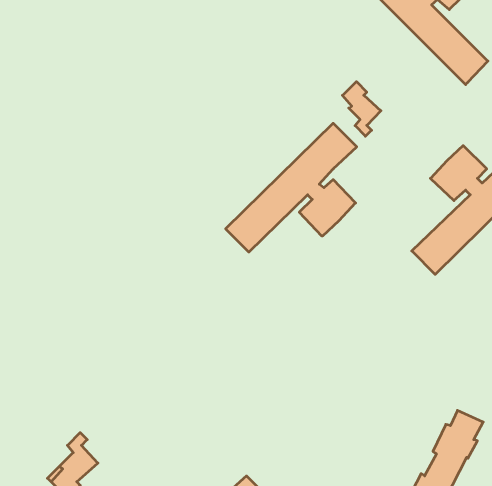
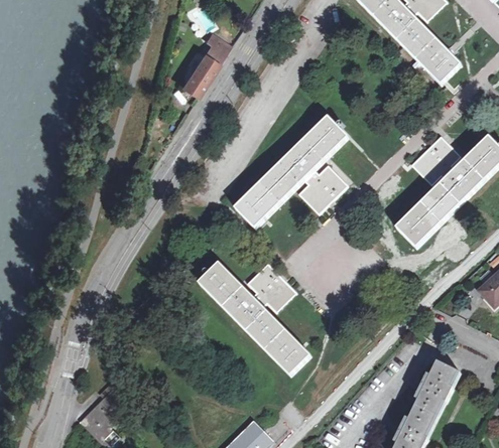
building: none -> [183,34,231,98]
building: [342,82,381,136] -> none
building: none -> [199,262,308,374]

